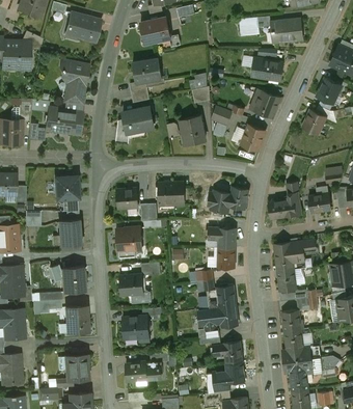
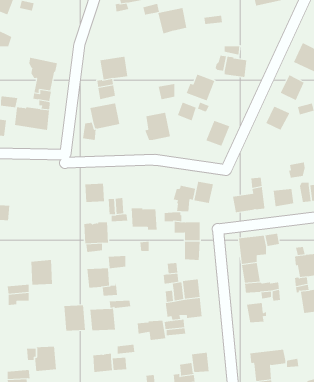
building: [65,13,101,43] -> none
building: [140,18,170,45] -> [158,8,187,34]
building: [271,19,303,43] -> none
building: [250,90,280,118] -> [186,74,215,101]
building: [54,174,81,201] -> none
building: [158,183,185,206] -> [131,208,157,230]
building: [59,220,82,247] -> none
building: [65,306,88,333] -> [63,305,86,331]
building: [284,330,321,362] -> none
building: [213,343,243,363] -> [137,320,166,340]

